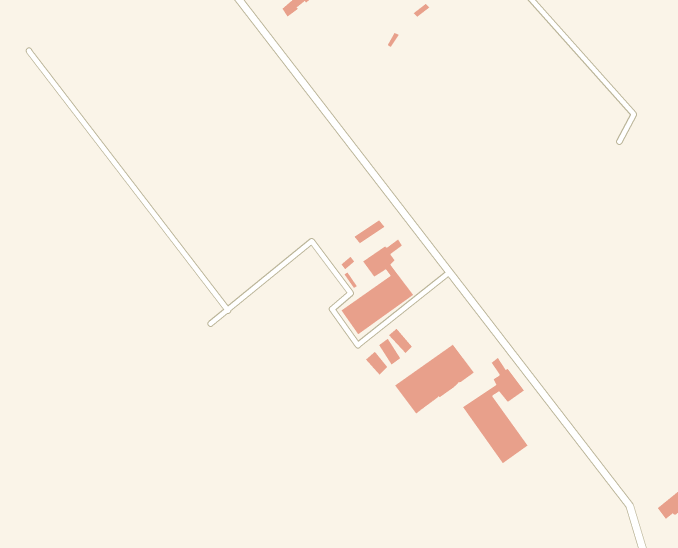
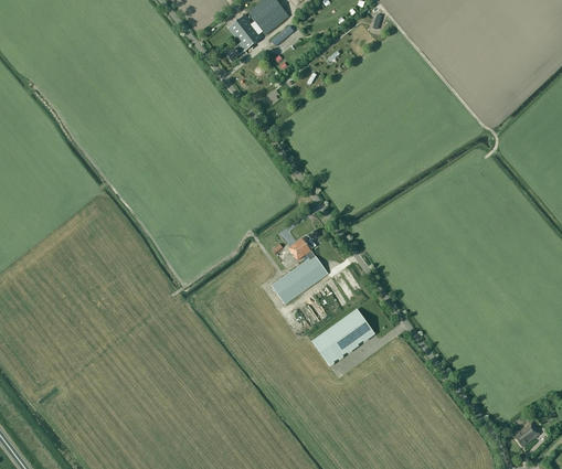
building: [462,357,528,464] -> none

